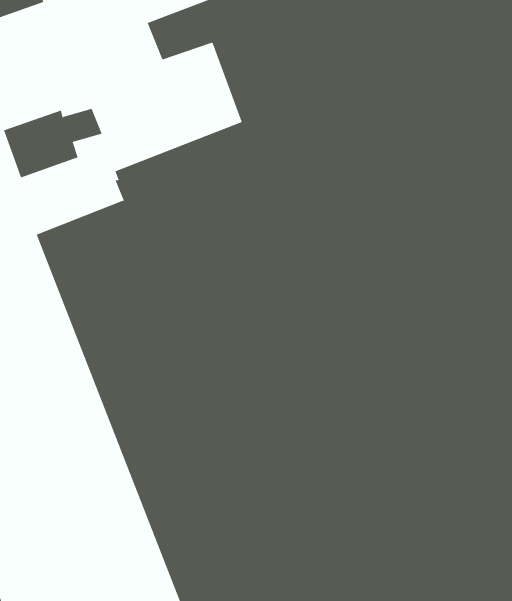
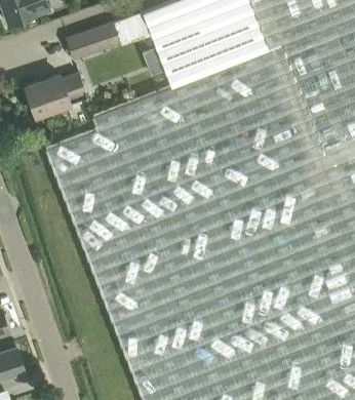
building: none -> [66,23,119,59]

